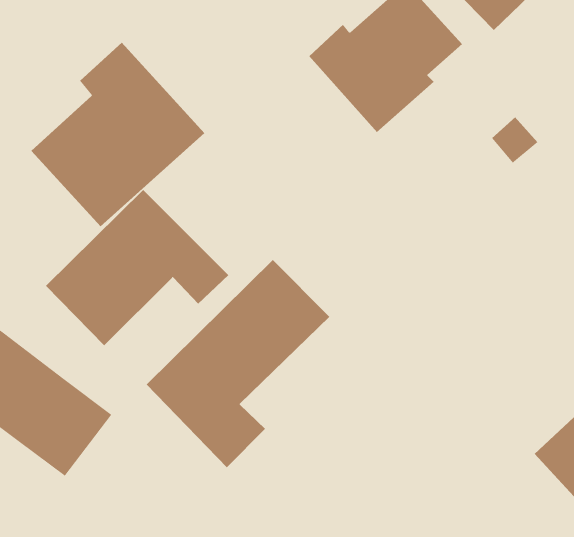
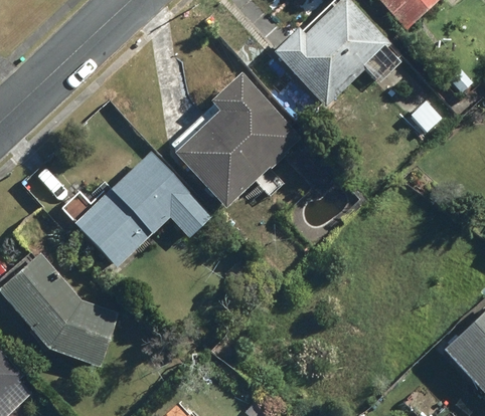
building: [31,42,205,227] -> [172,70,303,209]
building: [146,259,330,468] -> none

